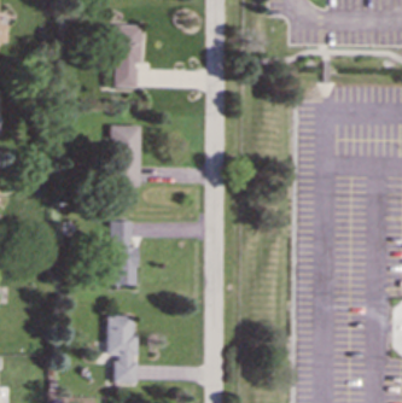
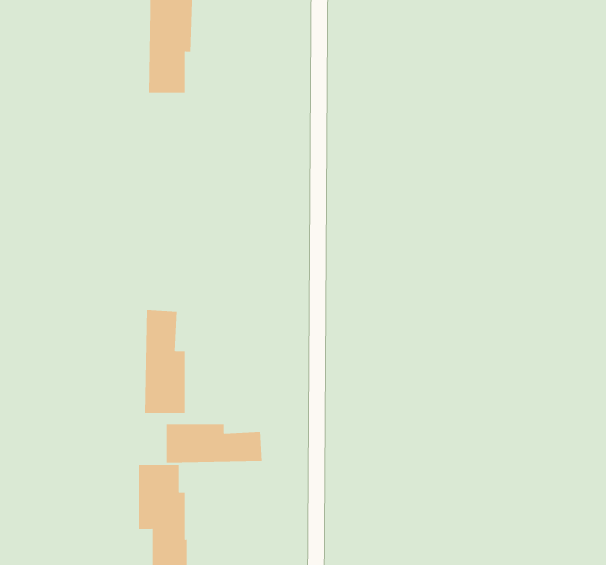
building: [111,125,140,186] -> none
building: none -> [166,424,262,463]

